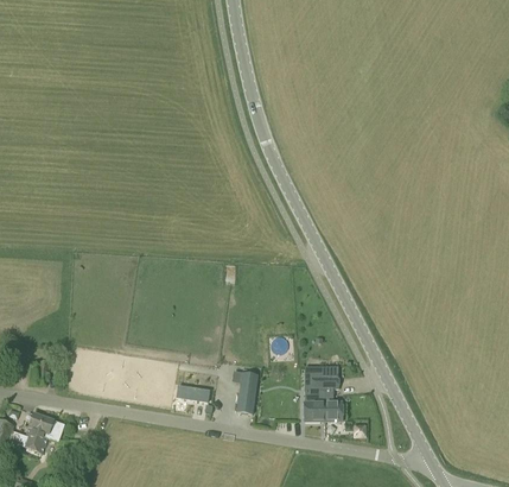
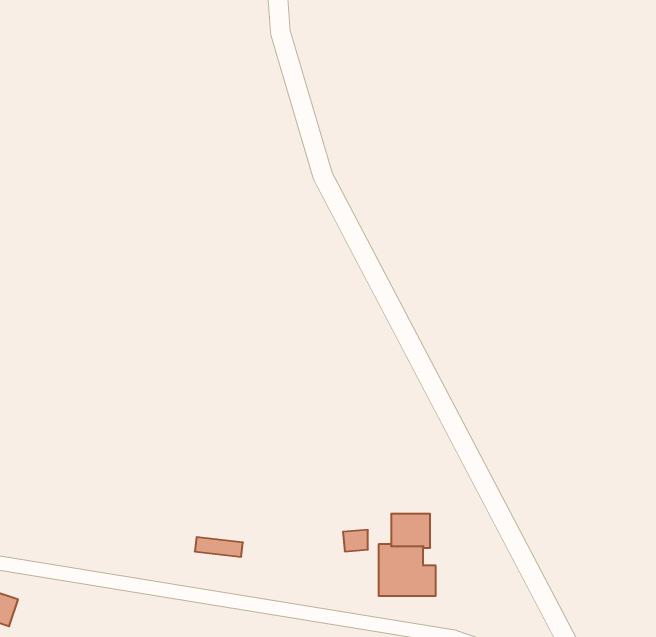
building: [235,373,256,416] -> none

